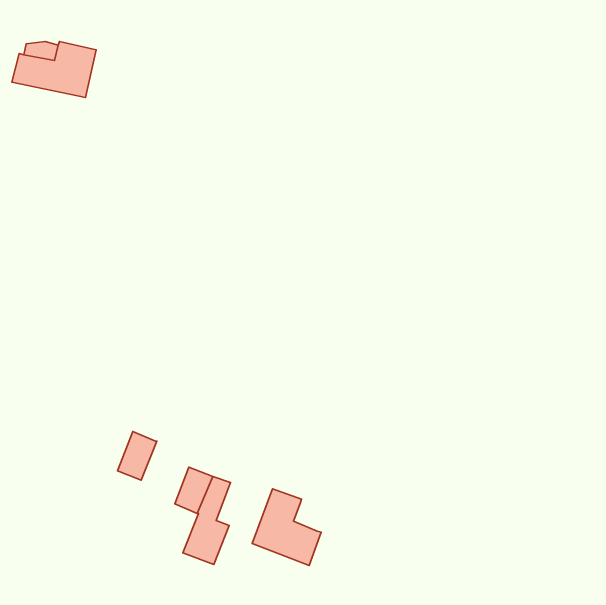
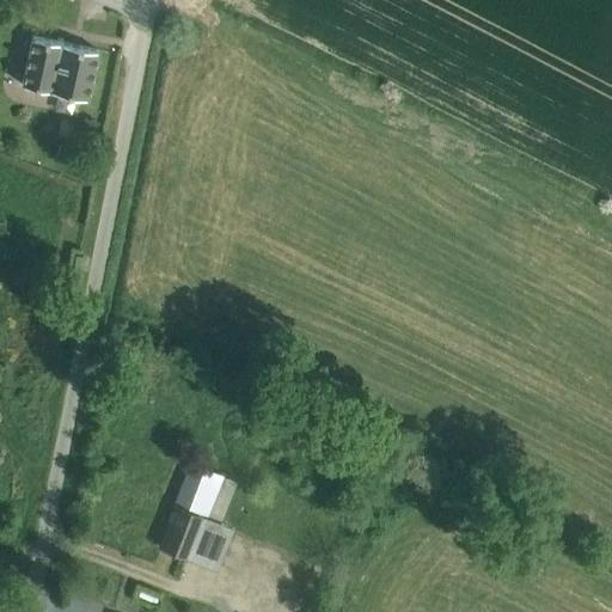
building: [118,432,157,480] -> [160,509,200,558]
building: [252,489,321,566] -> none

